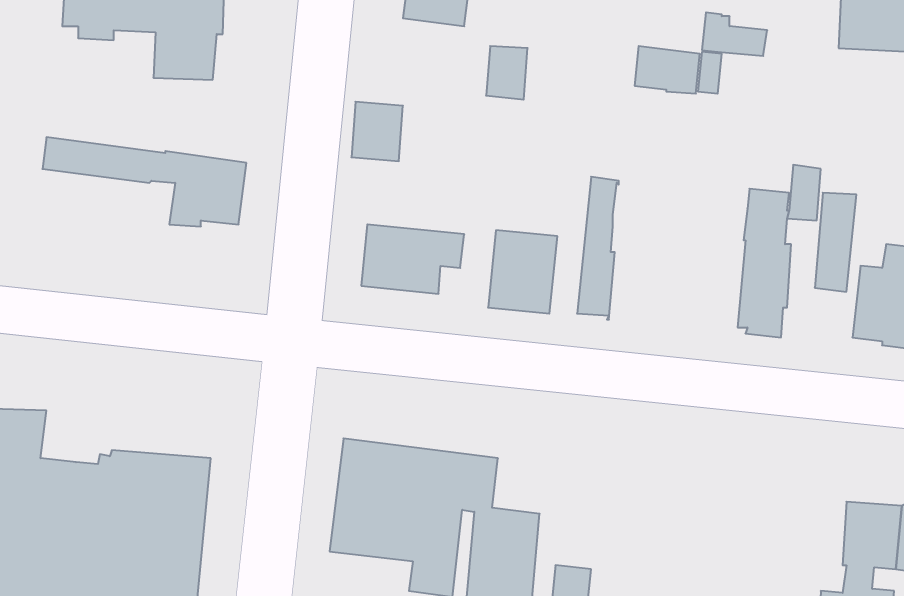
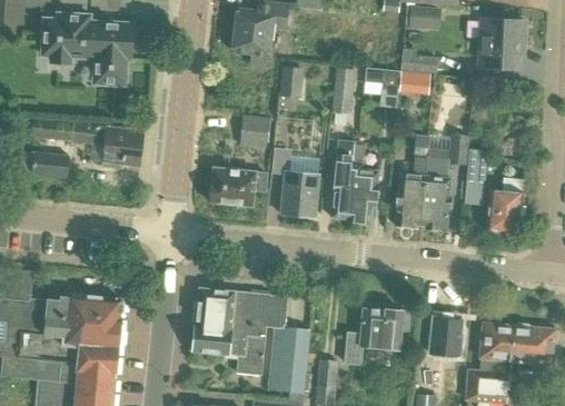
building: none -> [333,67,355,112]
building: [351,102,403,161] -> [239,113,268,147]
building: none -> [396,126,429,226]
building: none -> [349,142,379,221]
building: none -> [31,150,70,177]
building: none -> [346,307,410,363]
building: none -> [430,316,463,369]

